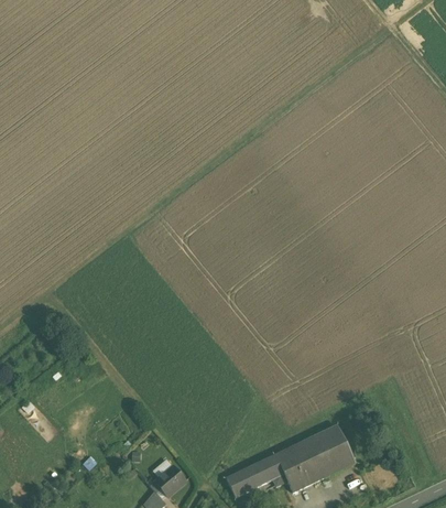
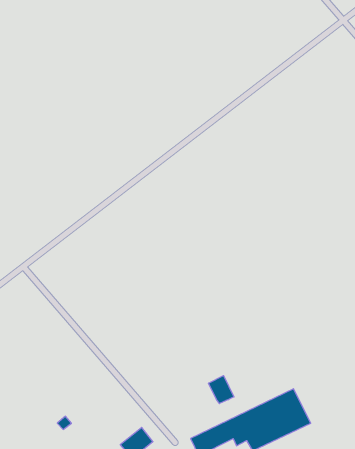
building: none -> [209,376,234,404]

